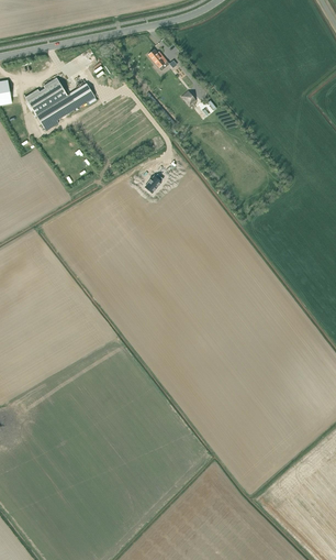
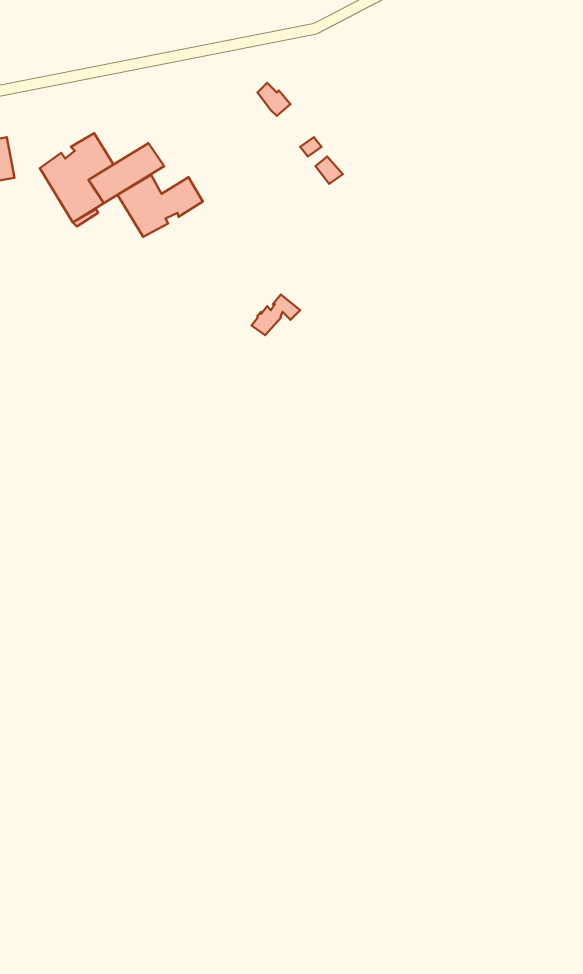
building: none -> [117,175,203,237]

